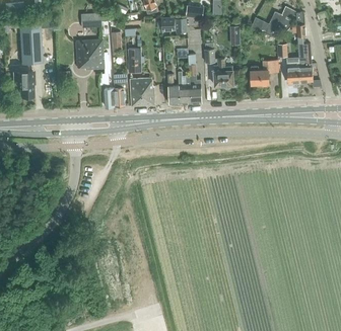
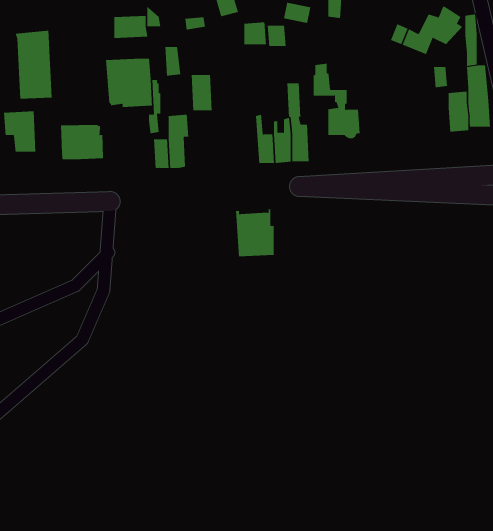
building: [249,60,277,84] -> none
building: [130,76,154,105] -> [235,209,275,257]
building: none -> [60,124,111,160]

